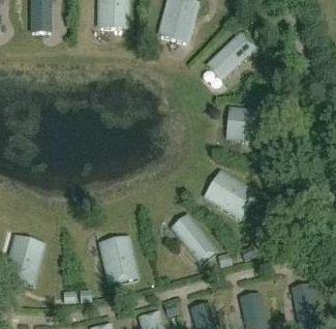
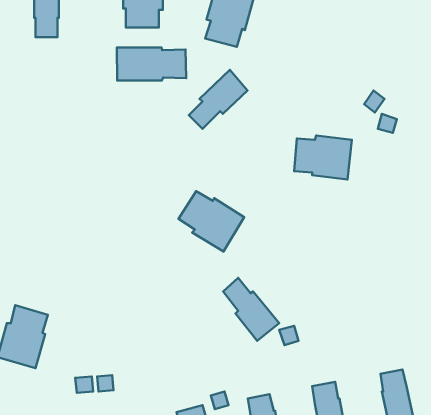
building: [209,31,253,76] -> [189,70,248,129]
building: none -> [117,48,186,81]
building: [206,173,255,218] -> [179,191,244,252]
building: [101,237,138,282] -> none

